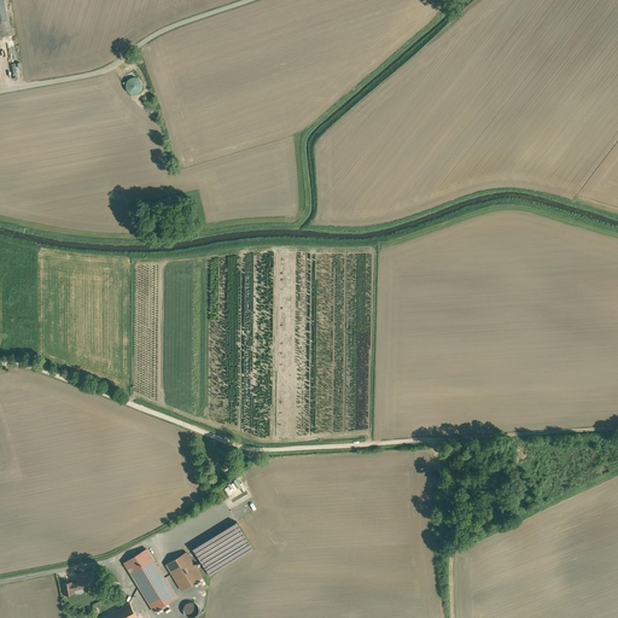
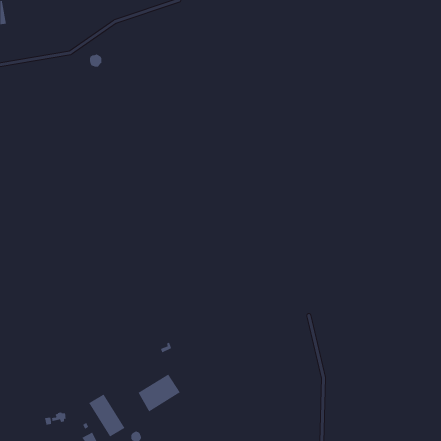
building: [165,553,200,591] -> none

